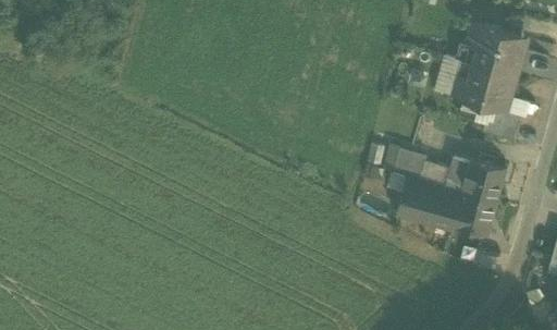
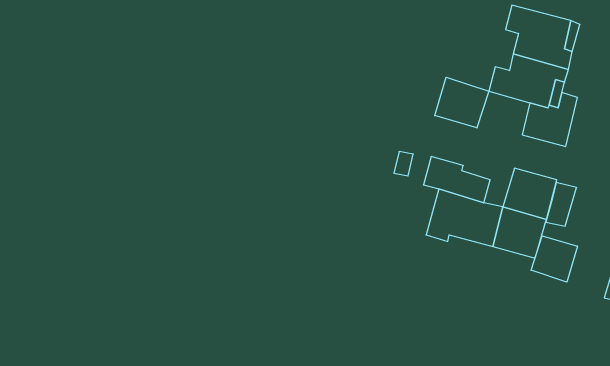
building: none -> [435,77,489,128]
building: [444,155,470,192] -> [546,182,577,226]
building: none -> [531,236,577,282]

